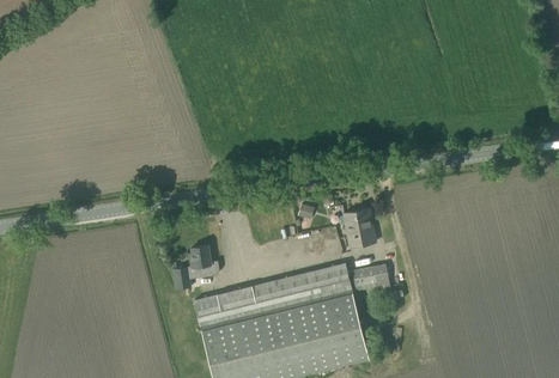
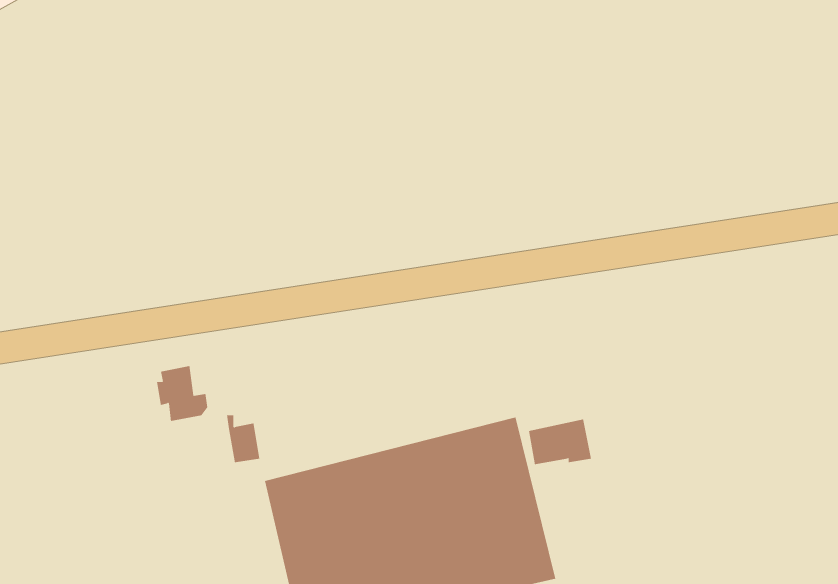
building: [345,208,377,246] -> none
building: [189,244,220,278] -> [156,365,208,421]

